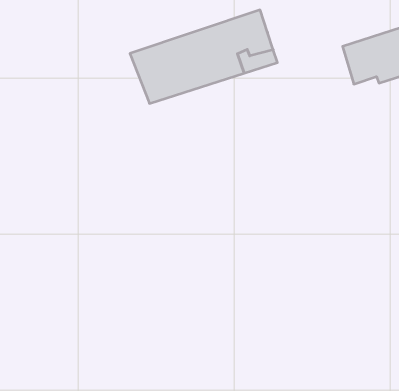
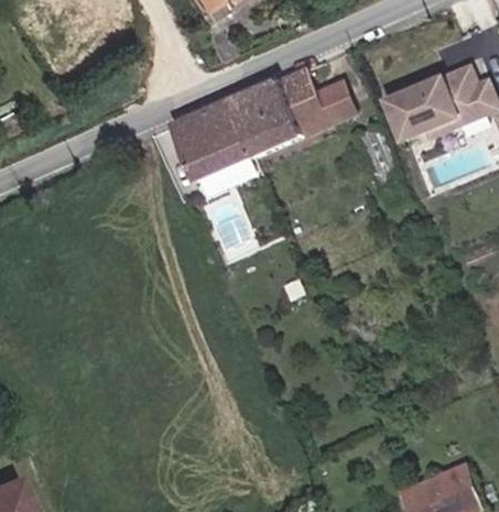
building: none -> [312,79,351,122]

